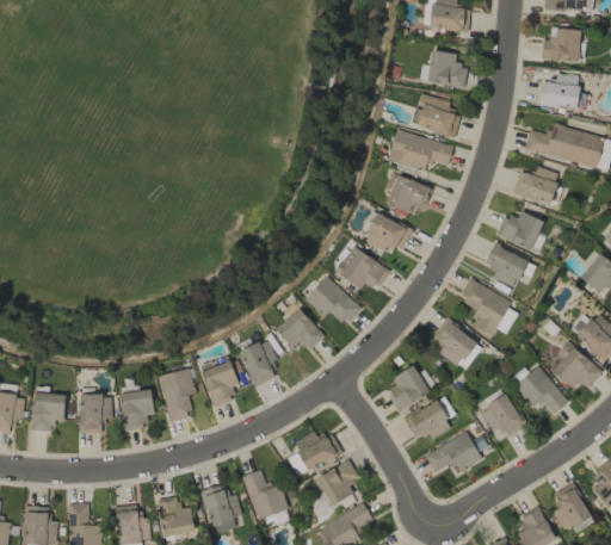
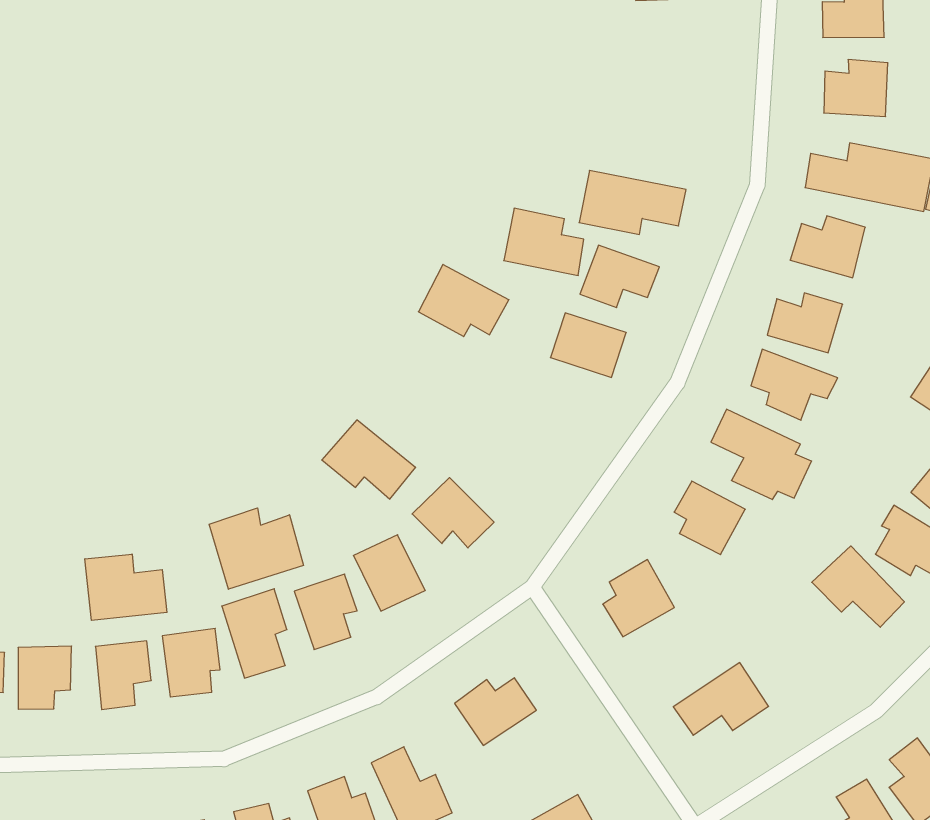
building: [428,51,467,87] -> none
building: [412,94,461,137] -> [504,208,584,275]
building: [335,246,390,290] -> [418,264,509,337]
building: [304,277,360,326] -> [322,420,416,499]
building: none -> [209,508,304,589]
building: none -> [85,554,167,620]
building: [480,395,526,438] -> none
building: [405,402,451,439] -> none
building: [316,460,358,506] -> none

